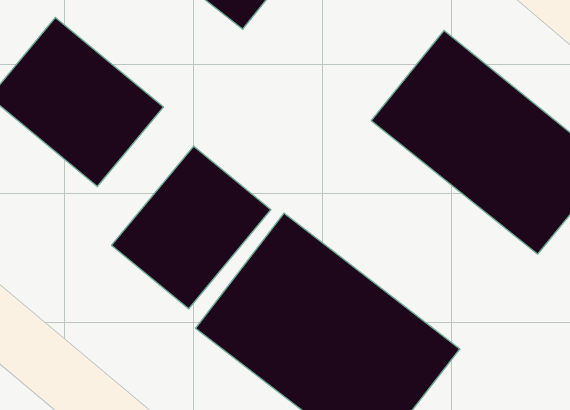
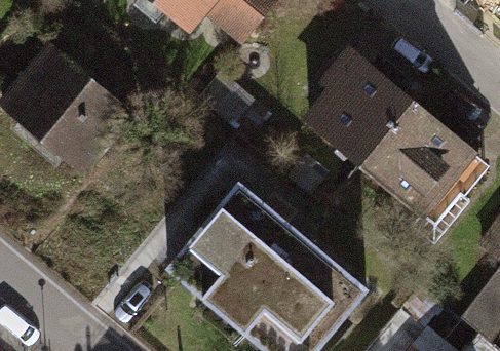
building: [112,146,271,309] -> none

